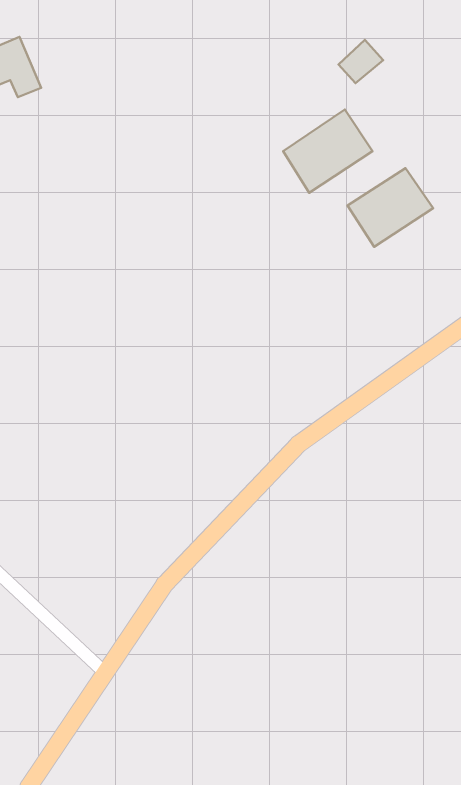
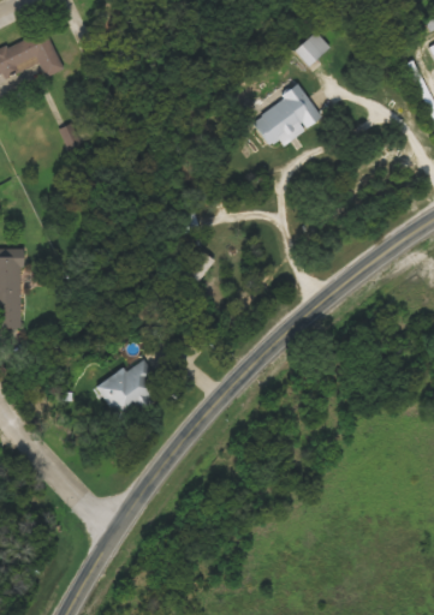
building: [347,168,433,247] -> none
building: none -> [100,360,164,418]

